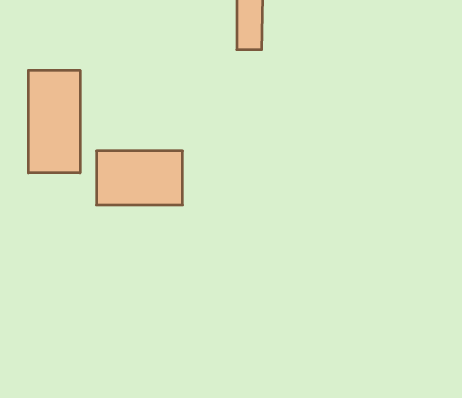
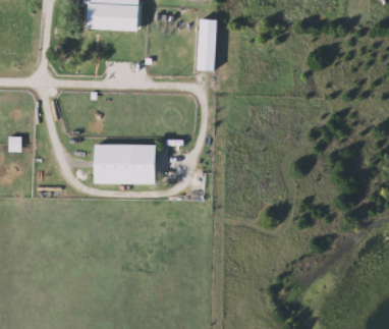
building: [28,70,80,173] -> none

